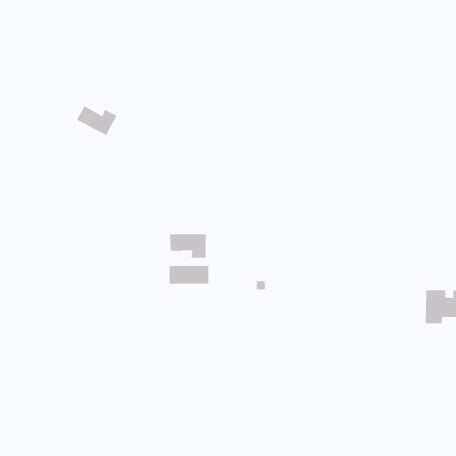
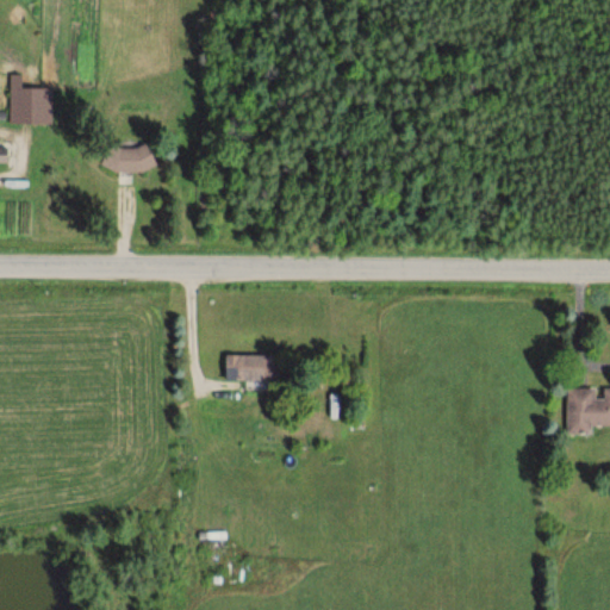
building: none -> [10,74,52,124]
building: [169,233,206,258] -> none

